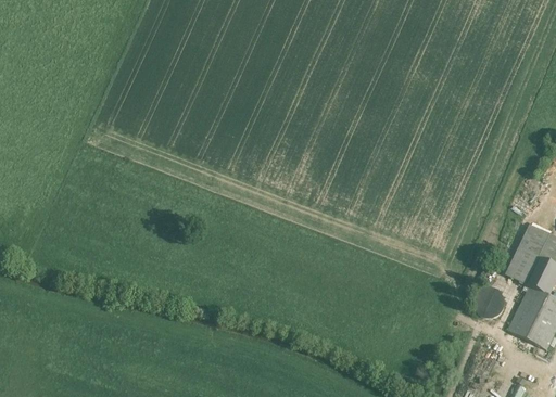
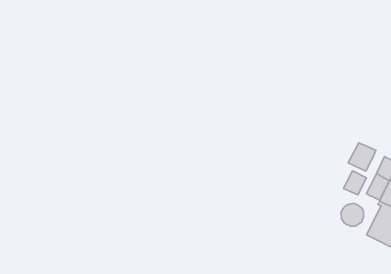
building: none -> [348,143,376,171]
building: none -> [343,171,367,195]

